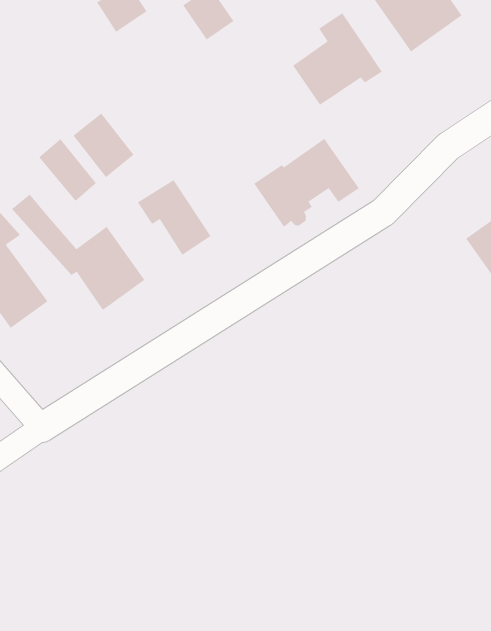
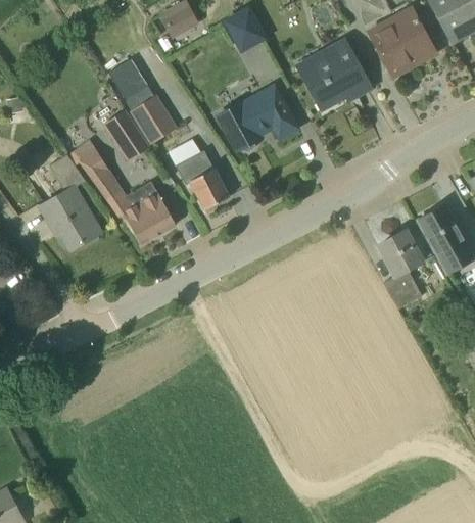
building: none -> [108,59,154,110]
building: [253,138,360,228] -> [217,87,296,151]
building: none -> [378,231,422,308]

